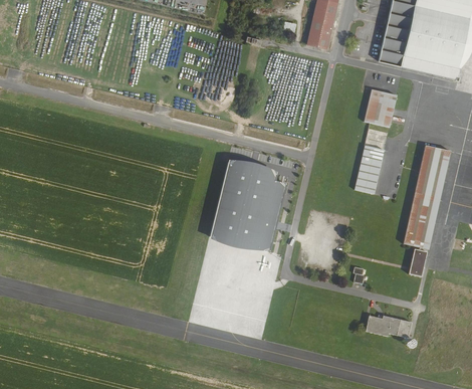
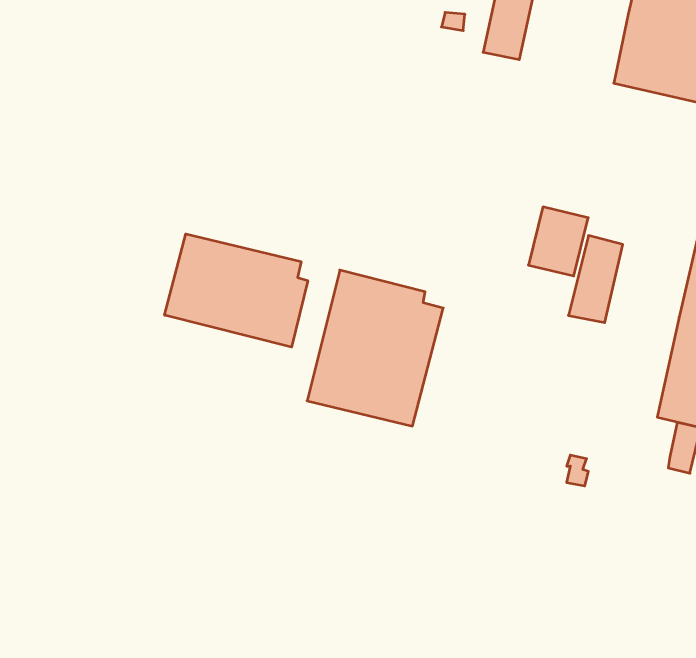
building: [365,87,398,126] -> [528,207,588,276]
building: none -> [165,234,308,347]
building: [366,313,412,337] -> none

